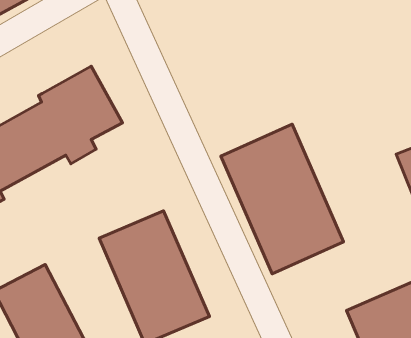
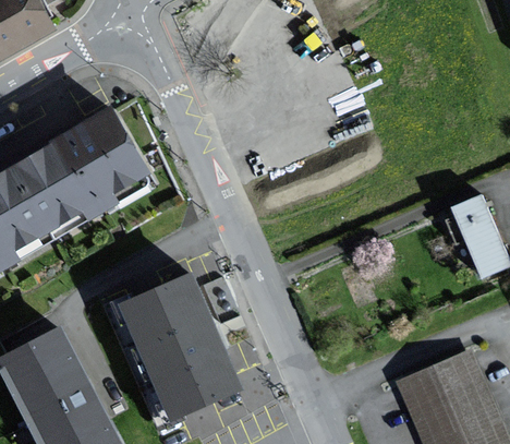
building: [221,124,344,274] -> none

